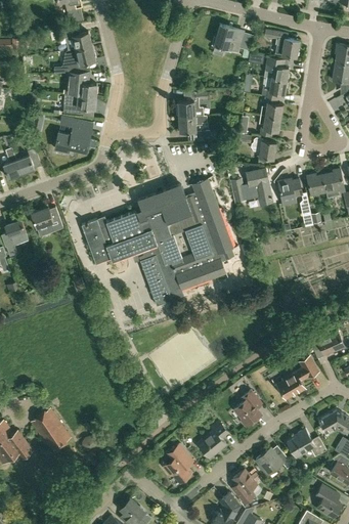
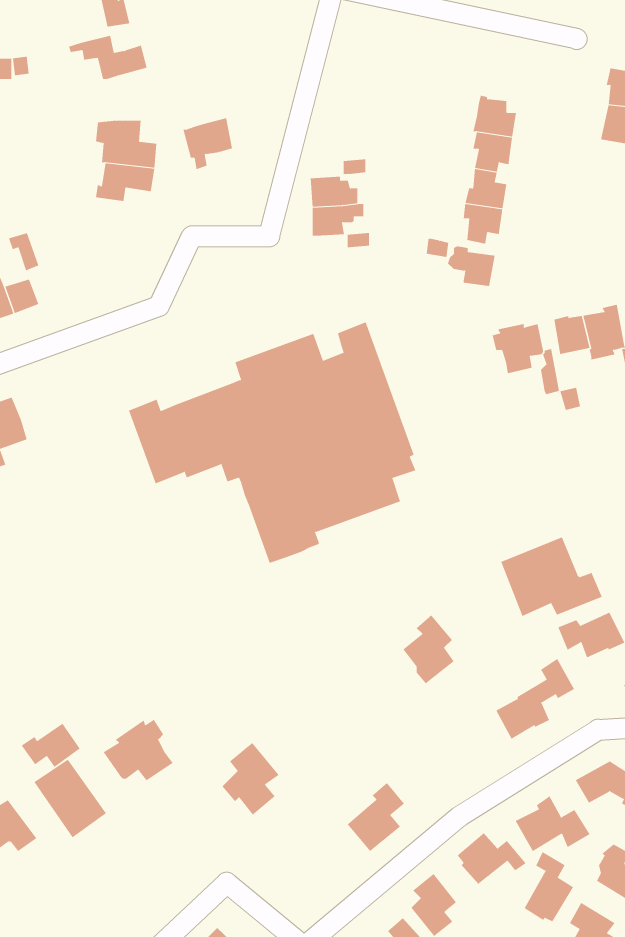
building: [213,25,244,61] -> none
building: [265,31,299,58] -> none
building: [69,44,95,72] -> [182,118,233,170]
building: [55,118,93,151] -> none
building: [231,170,271,205] -> none
building: [32,207,63,233] -> none
building: none -> [501,536,603,617]
building: none -> [103,719,174,781]
building: none -> [21,723,81,768]
building: [234,391,262,428] -> [402,615,455,684]
building: [163,444,193,483] -> [221,742,279,816]
building: none -> [524,851,574,922]

